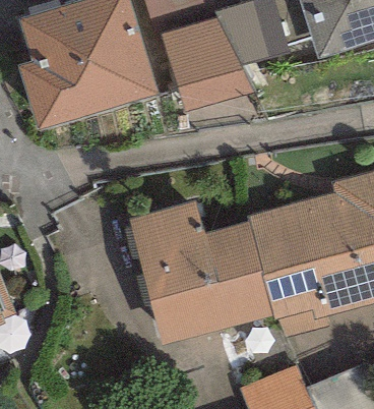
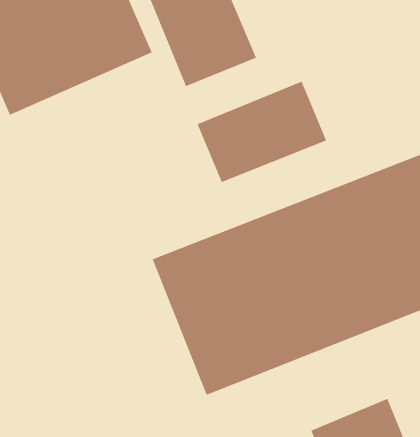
building: none -> [197,81,327,183]

